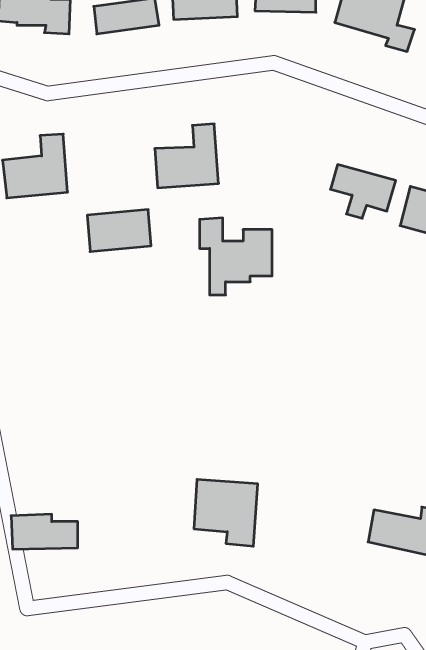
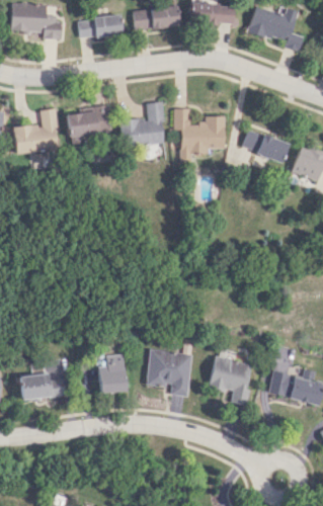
building: [87,210,151,252] -> [68,107,112,137]
building: [200,218,272,295] -> [174,108,225,162]
building: none -> [211,349,254,405]
building: none -> [98,355,126,393]

